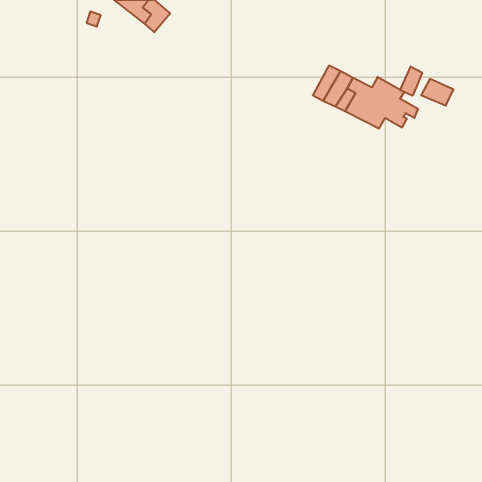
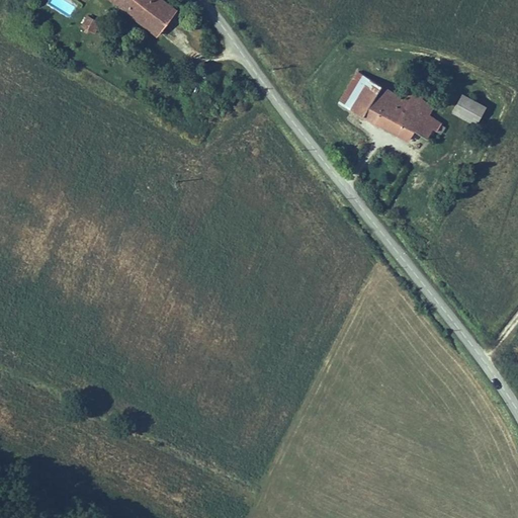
building: [400,66,422,96] -> none

